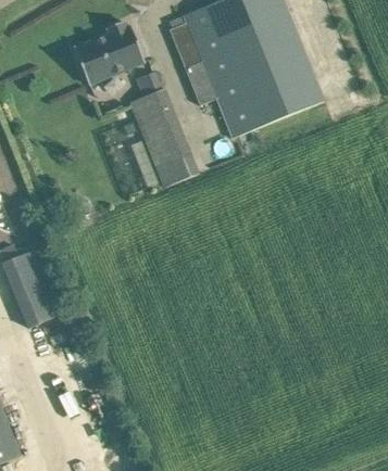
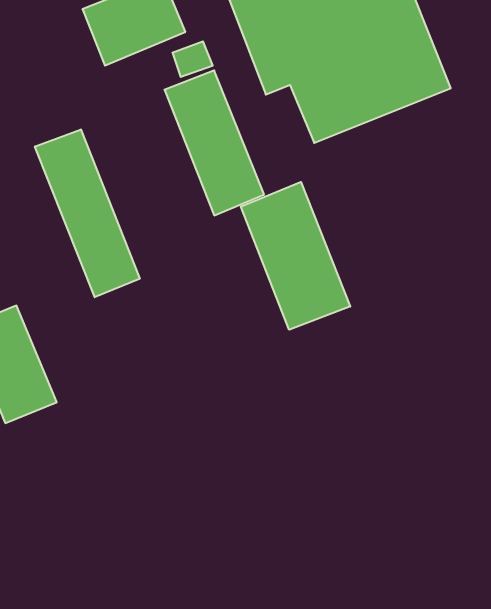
building: none -> [35,129,140,297]
building: none -> [241,182,350,330]

